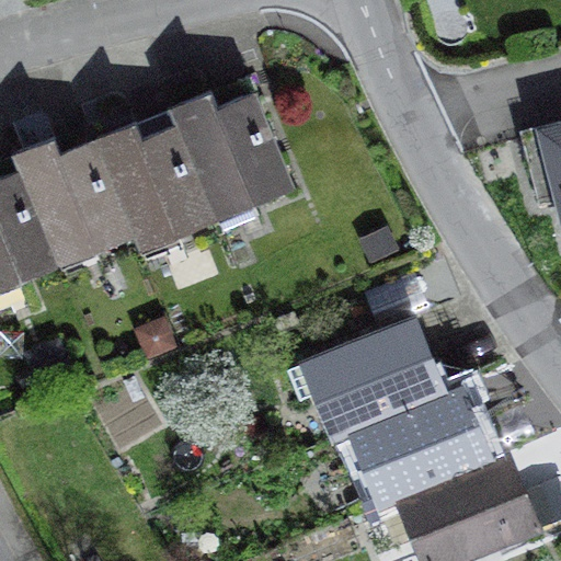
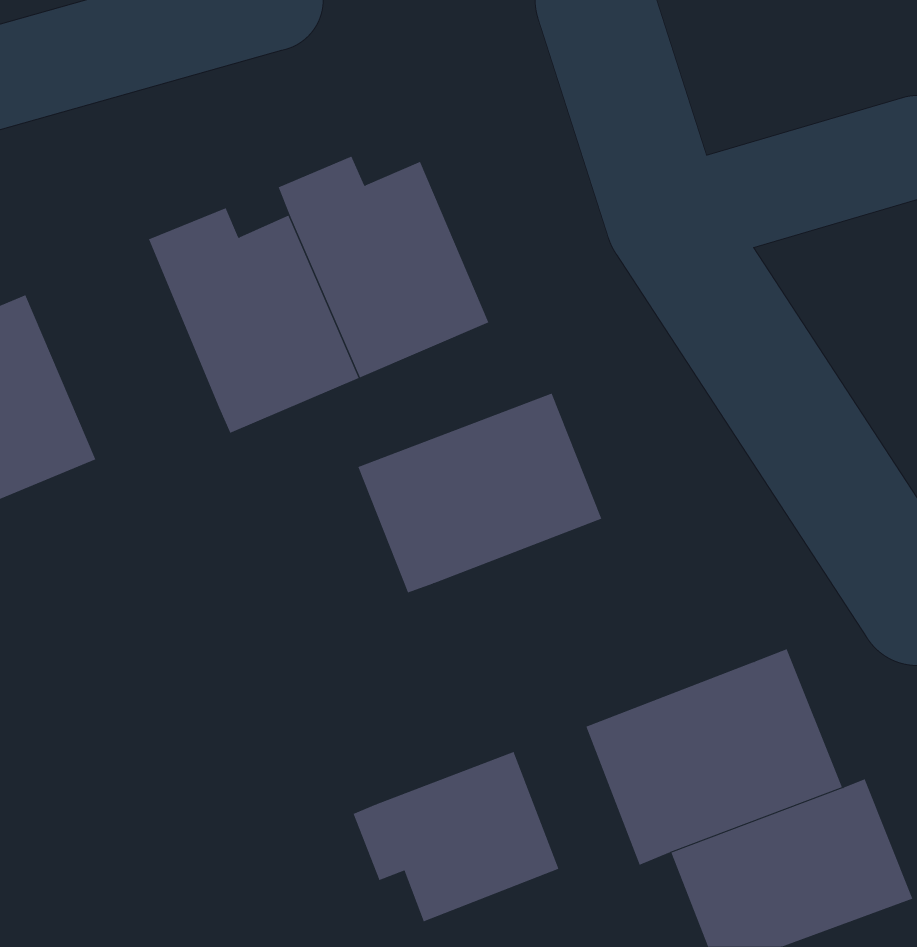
building: [9,139,129,272] -> none
building: [301,317,446,435] -> [358,393,602,593]
building: none -> [353,751,559,922]

